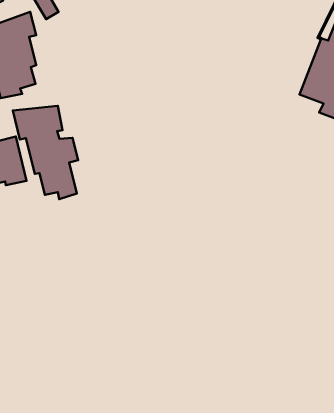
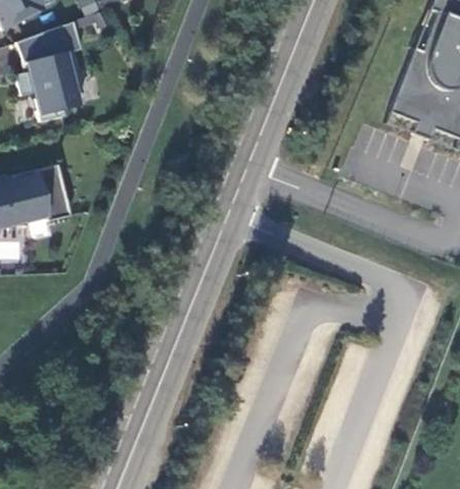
building: [13,106,78,199] -> none

